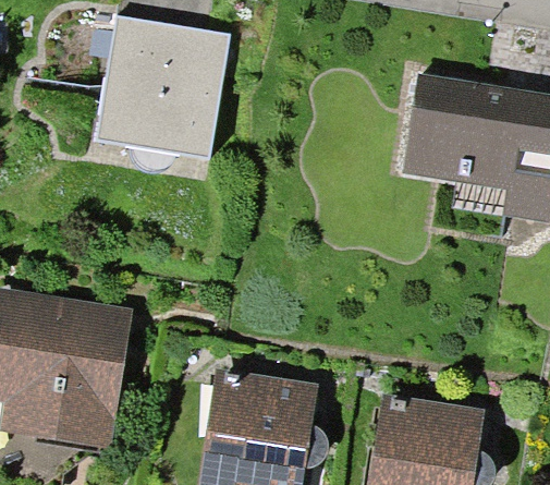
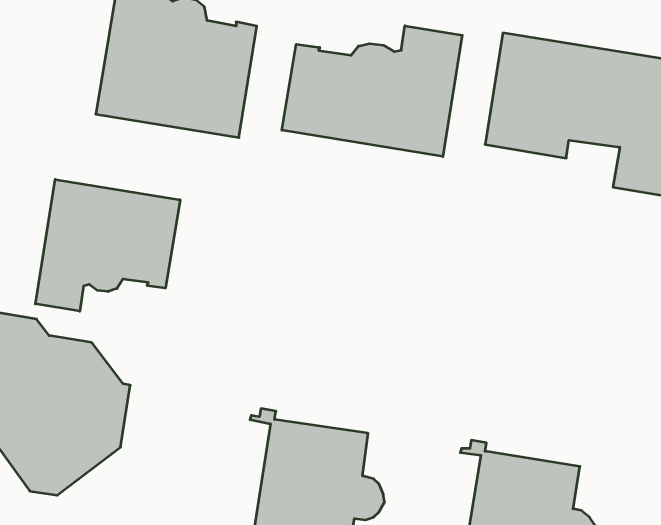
building: none -> [282,26,462,157]
building: none -> [35,179,180,311]

